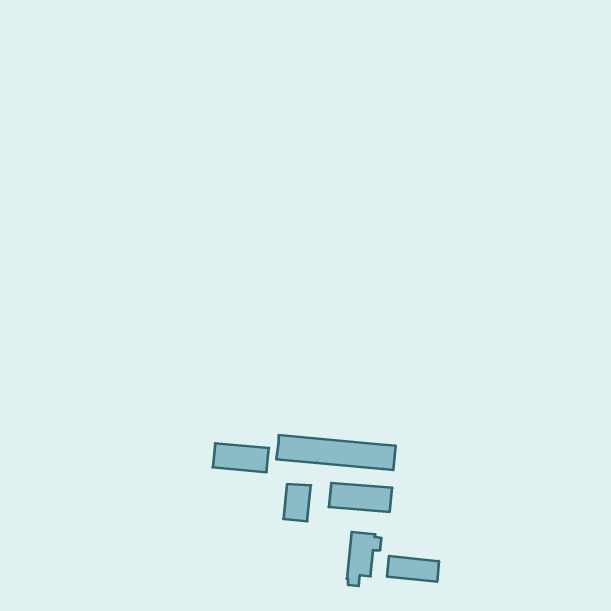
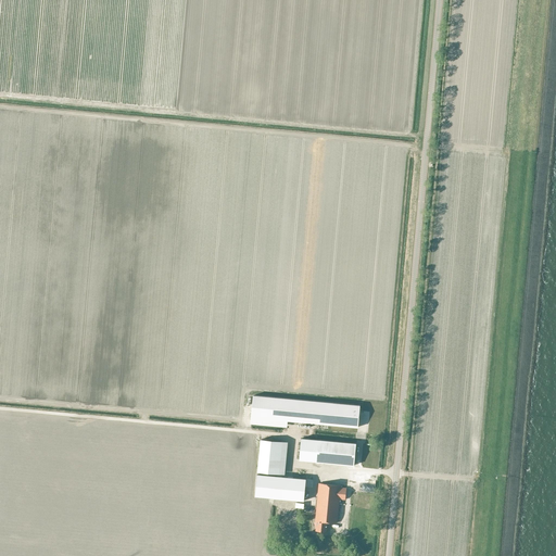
building: [213,443,269,472] -> [255,475,306,501]
building: [387,556,439,582] -> none

